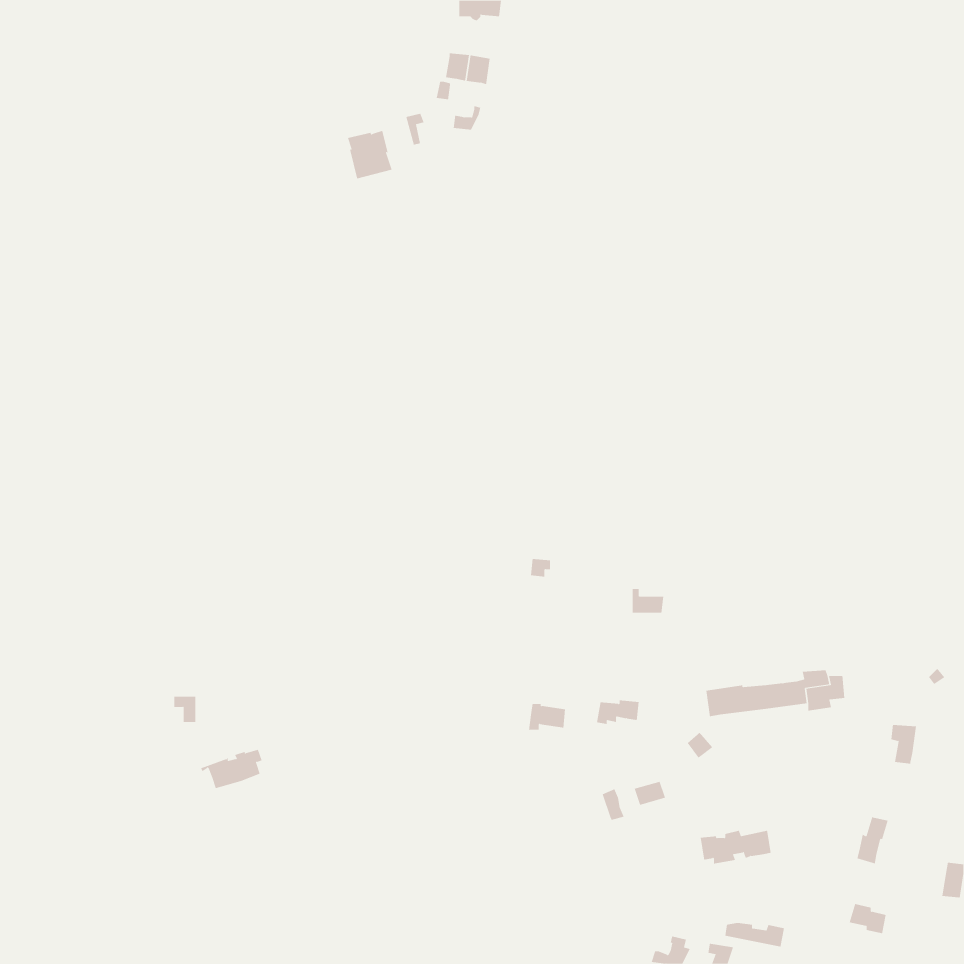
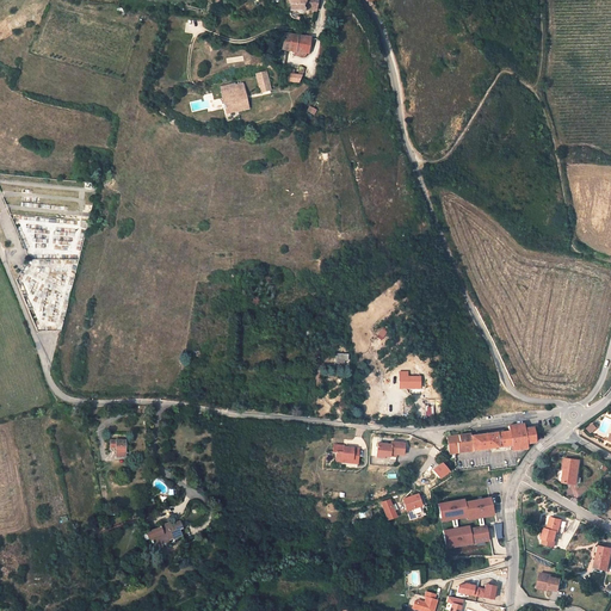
building: [200,749,262,789] -> [142,520,181,545]
building: none -> [437,496,493,520]

